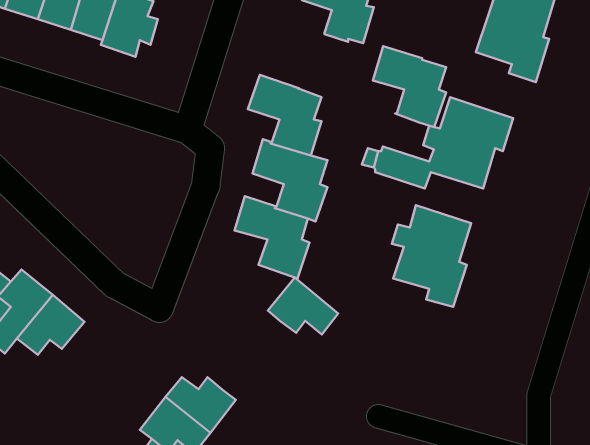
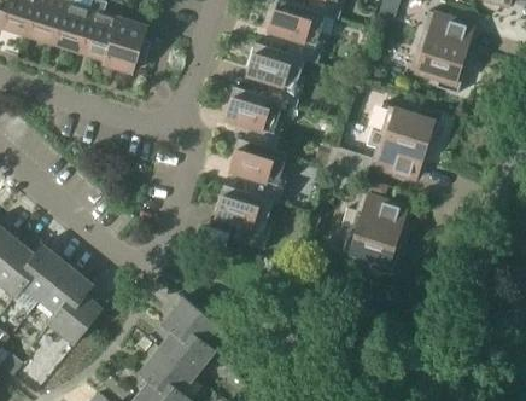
building: [373,46,446,127] -> [245,43,304,109]
building: [268,278,338,334] -> [160,296,217,342]
building: none -> [46,295,101,344]

